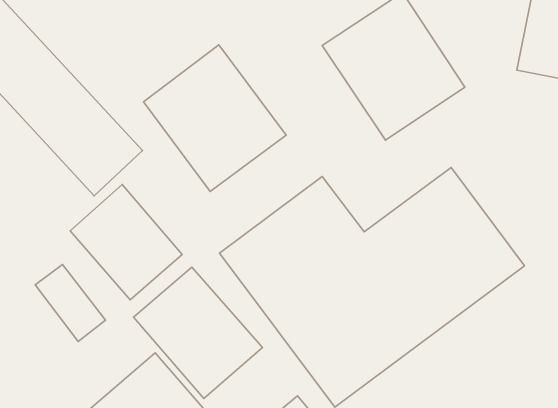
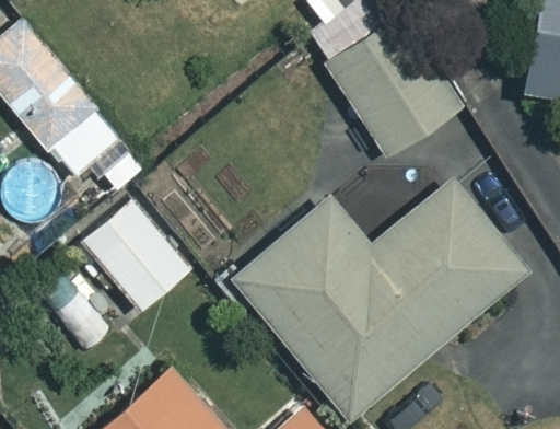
building: [144,45,286,192] -> none
building: [133,267,263,399] -> none

